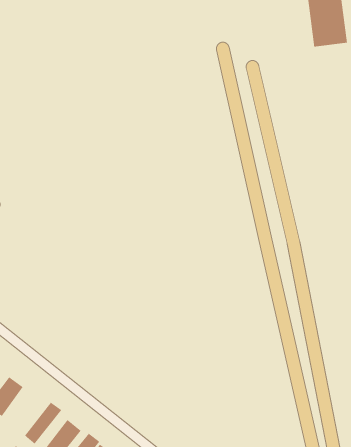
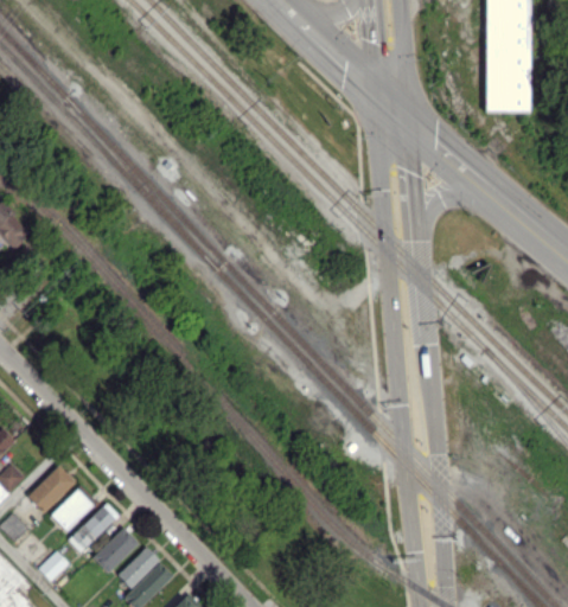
building: none -> [52,488,94,530]

